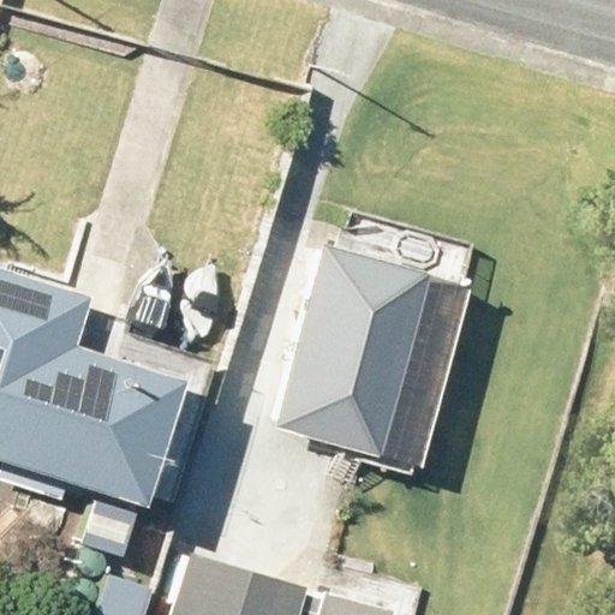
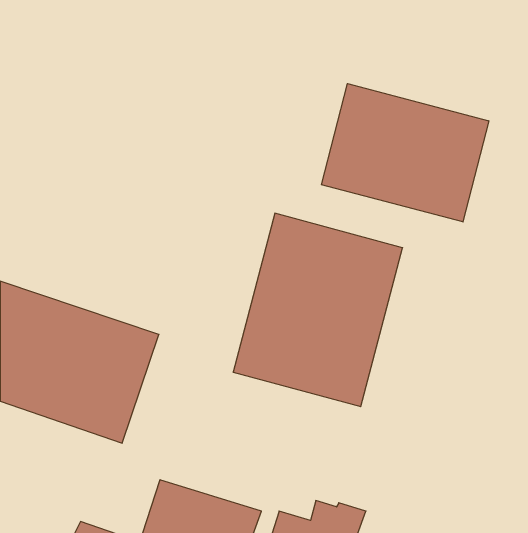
building: none -> [322,84,489,222]

